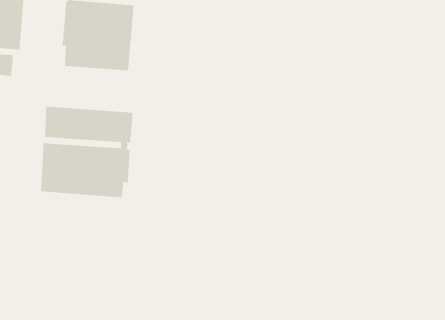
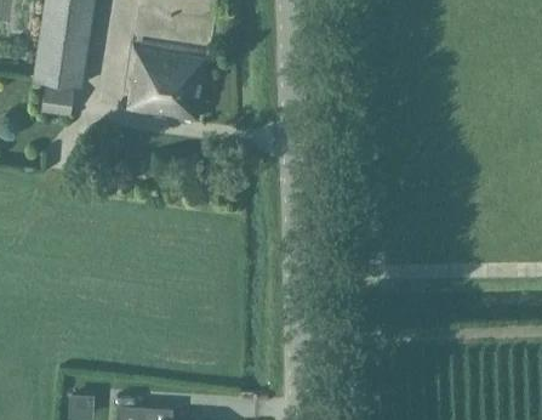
building: [40,106,133,198] -> none

